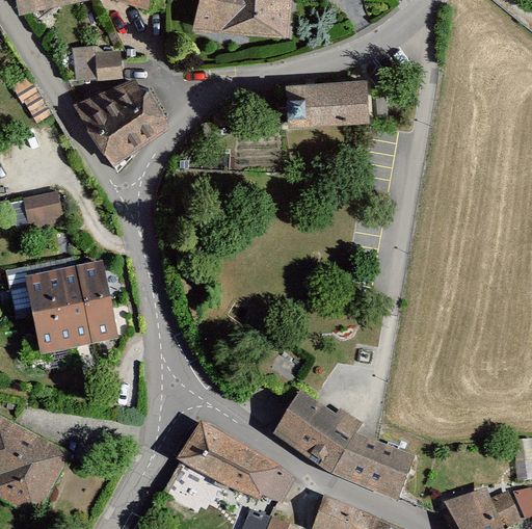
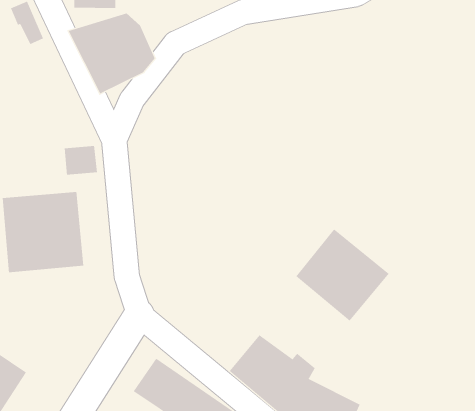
building: [283,77,369,128] -> none
building: [23,194,60,228] -> [64,146,98,175]
building: none -> [295,229,390,322]

